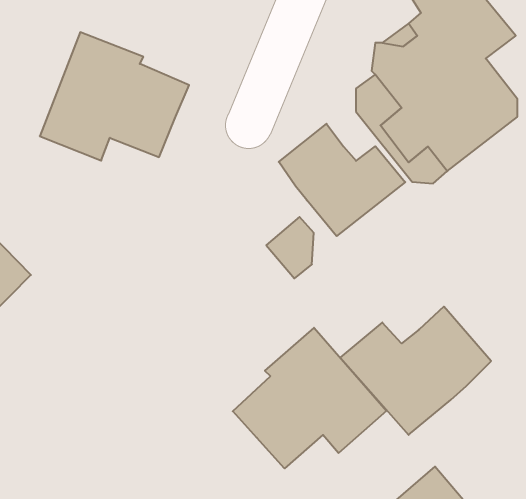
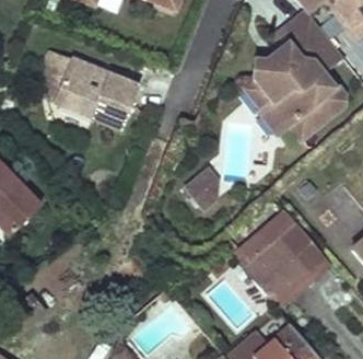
building: [279,124,405,236] -> none
building: [233,328,386,468] -> none

